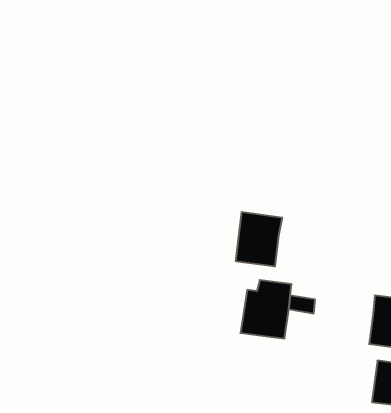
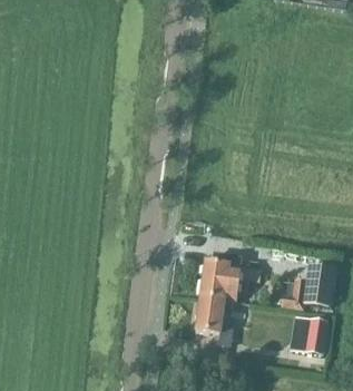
building: [236,212,282,267] -> none
building: none -> [195,295,232,343]

